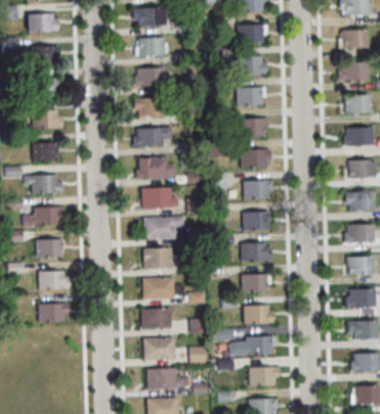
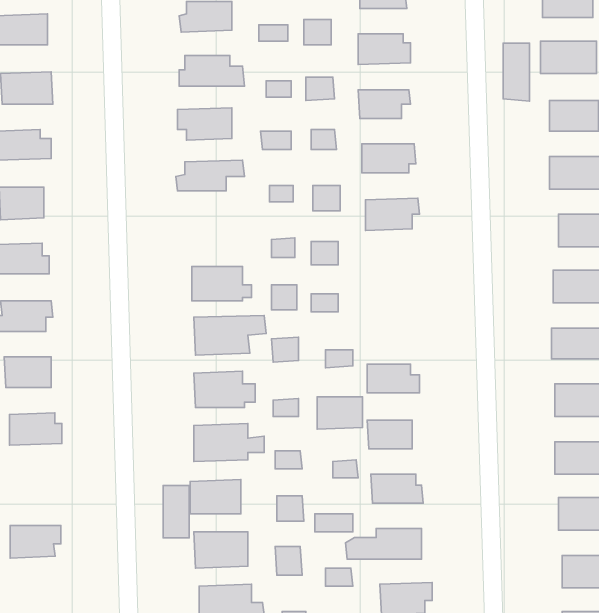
building: none -> [503,43,530,101]
building: [137,157,175,180] -> none
building: [244,181,272,199] -> none
building: [244,213,269,231] -> [317,397,362,429]
building: [39,305,68,323] -> [10,526,61,558]
building: none -> [163,486,189,538]

